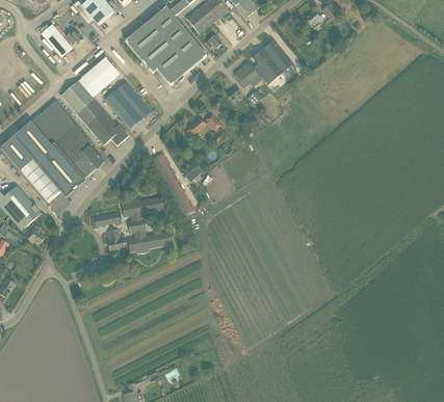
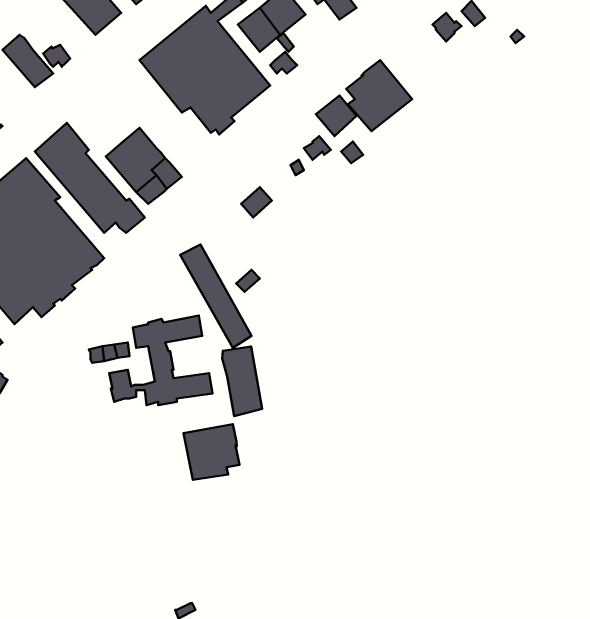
building: [80,56,119,93] -> none
building: none -> [222,346,262,416]
building: none -> [183,424,239,480]

